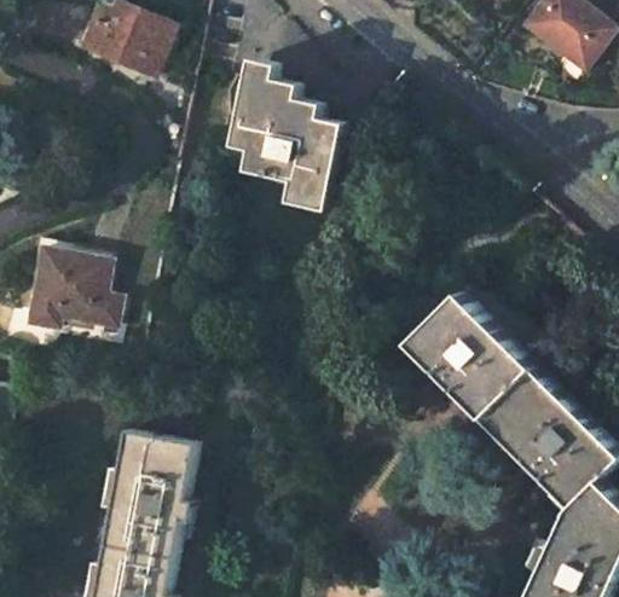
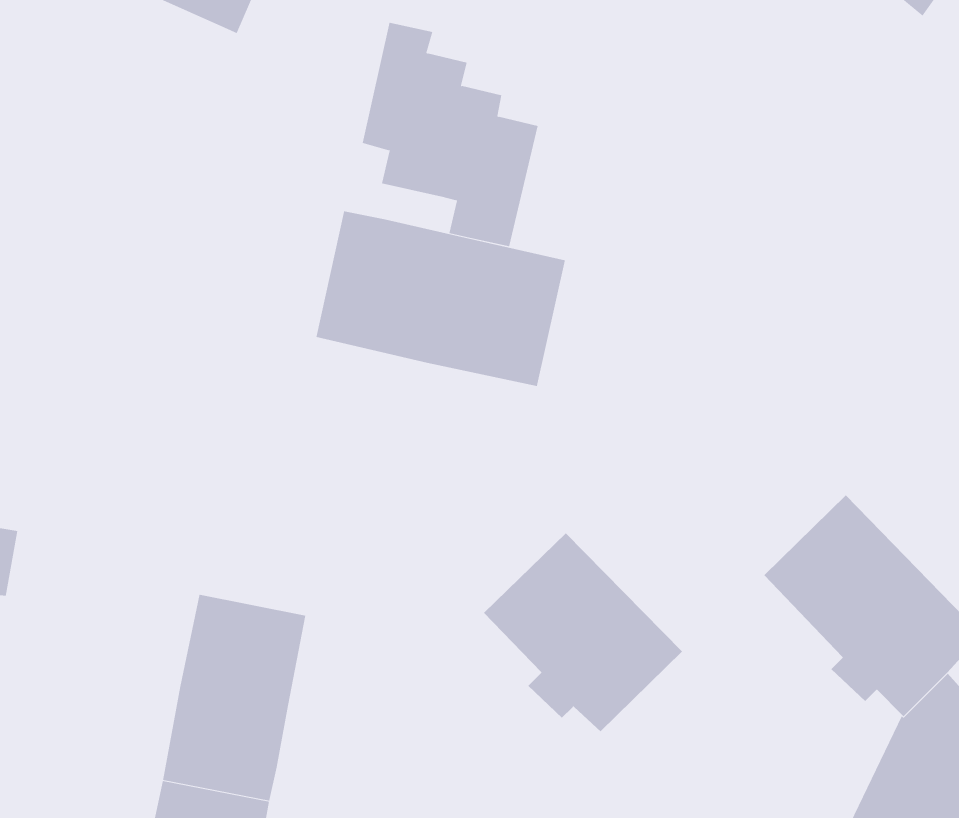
building: none -> [316,211,565,387]
building: [25,248,116,326] -> none
building: [407,291,533,417] -> [483,532,683,732]

